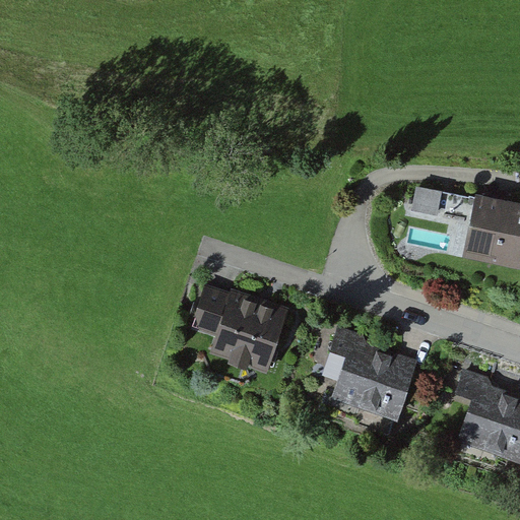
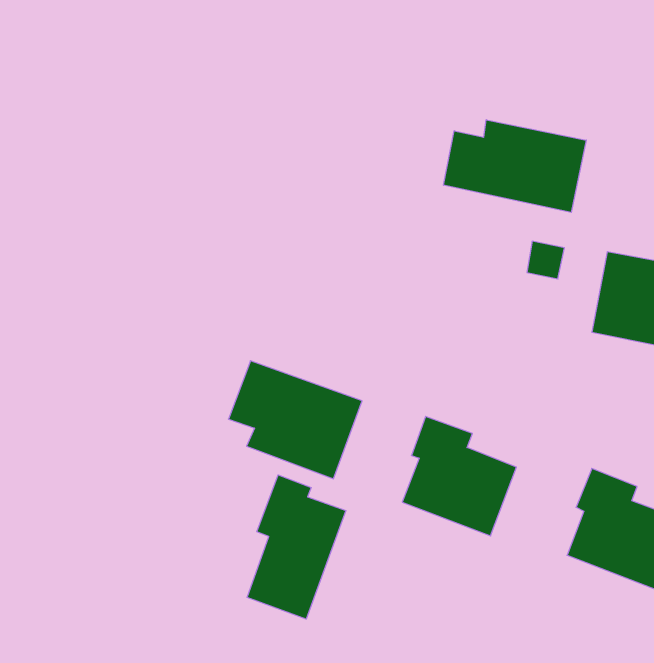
building: none -> [444,120,586,212]
building: none -> [247,475,346,619]

